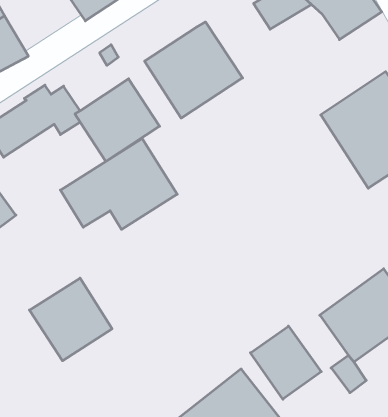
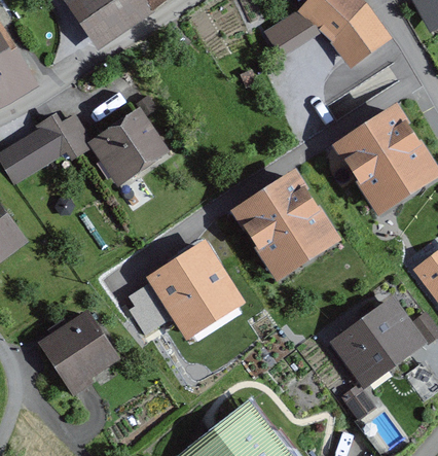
building: [145,22,243,118] -> none
building: none -> [228,165,344,282]
building: [60,138,177,229] -> [126,246,243,337]
building: [250,326,321,399] -> none

